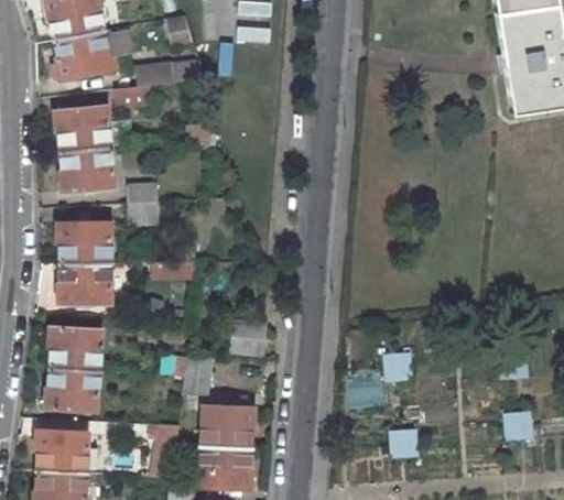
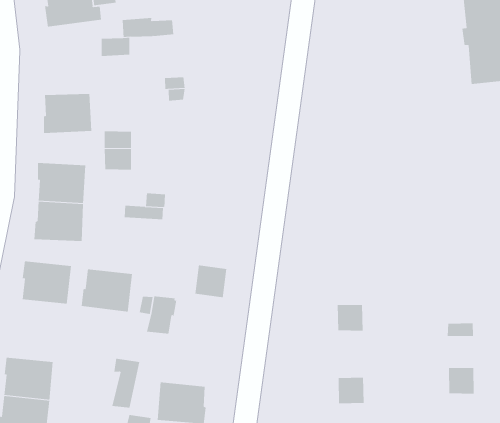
building: [54,106,109,151] -> none
building: [45,368,98,411] -> [81,269,133,312]
building: [200,405,253,448] -> none

